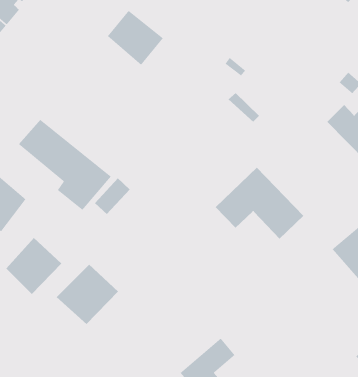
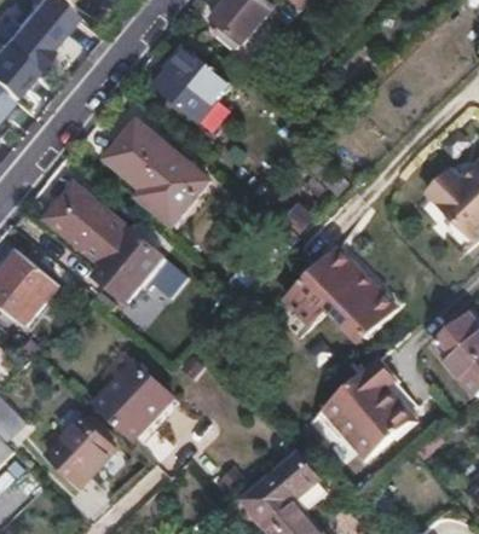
building: none -> [105,121,207,222]
building: [5,237,62,295] -> [47,414,117,486]
building: none -> [327,360,409,454]

